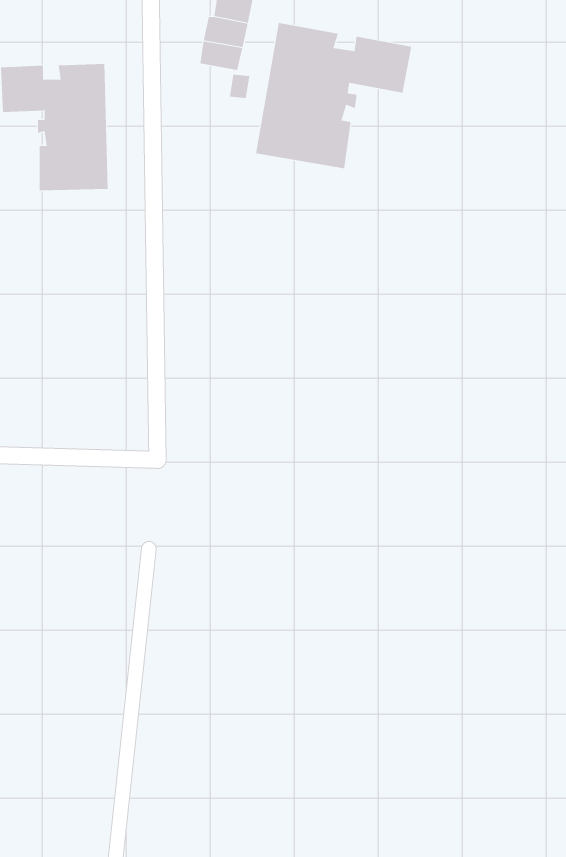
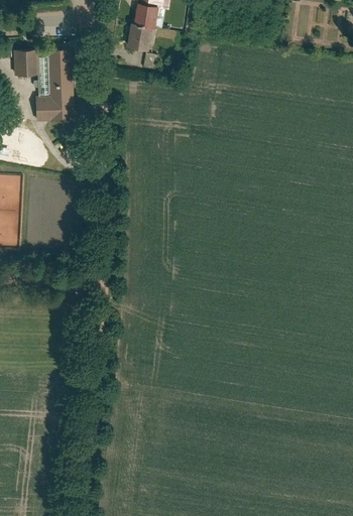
building: [255,22,412,169] -> none

